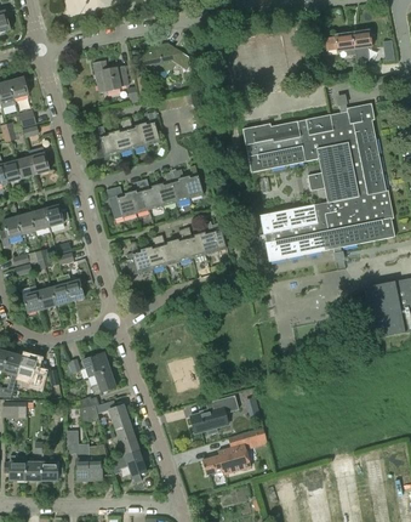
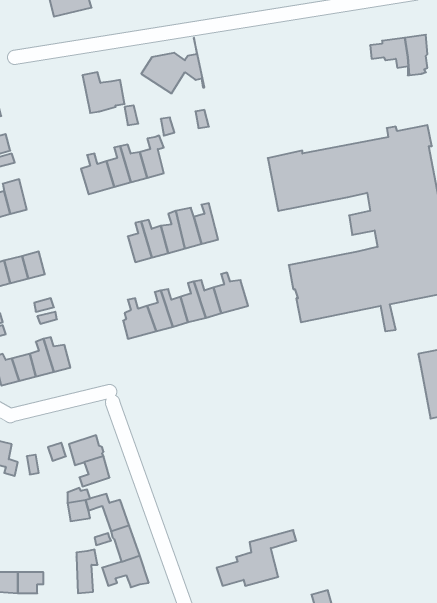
building: [108,186,136,219] -> none
building: [189,395,238,433] -> none
building: [64,430,90,480] -> none

